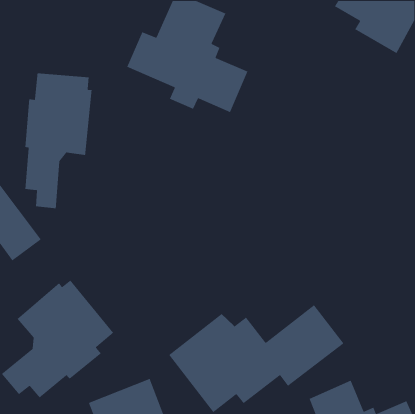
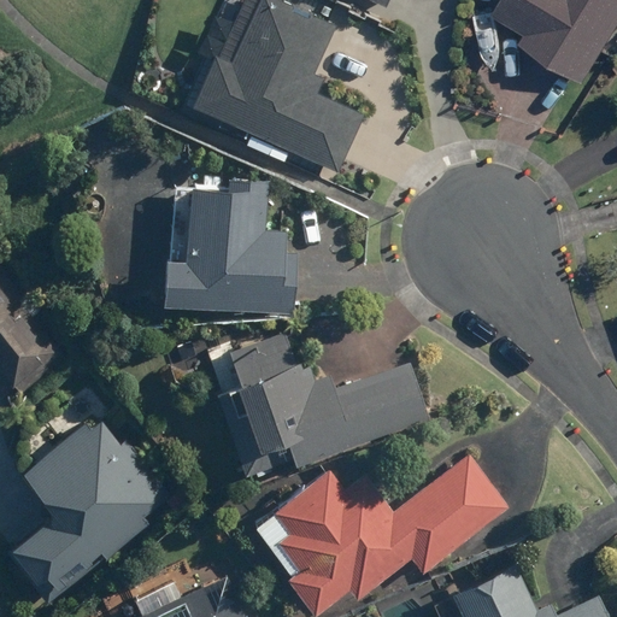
building: [24,73,92,209] -> none
building: none -> [158,174,300,316]
building: none -> [202,336,434,480]

